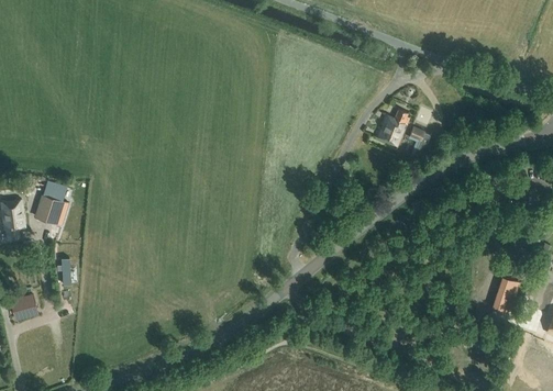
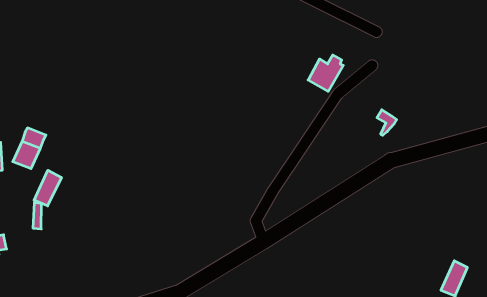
building: [374,109,409,147] -> [308,55,343,91]
building: none -> [34,170,61,206]

